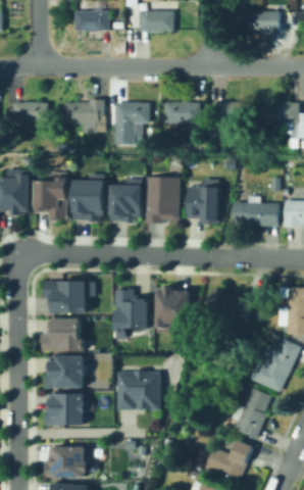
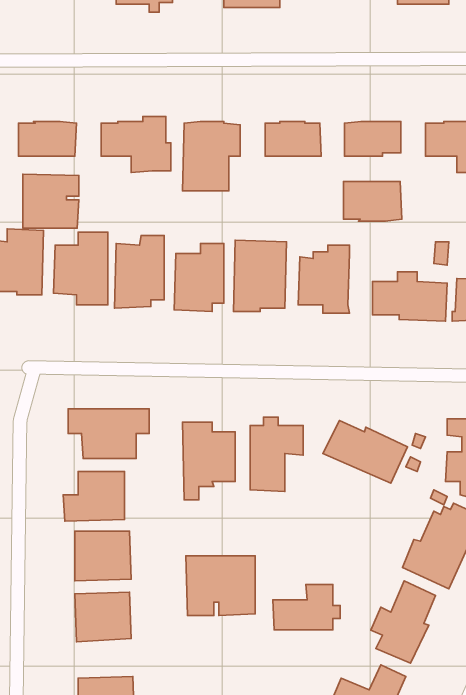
building: none -> [23,174,79,228]
building: none -> [344,181,402,221]
building: none -> [273,584,340,630]

